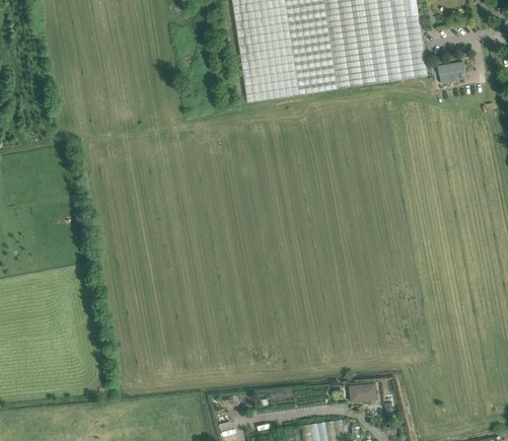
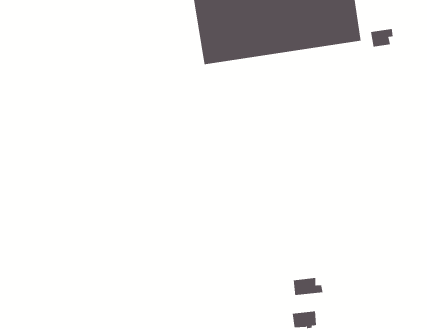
building: none -> [293,277,323,296]

